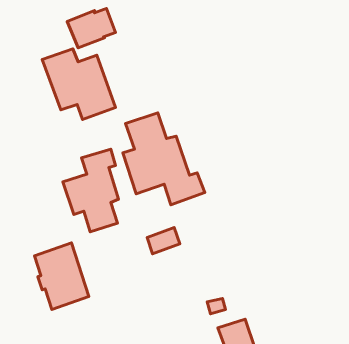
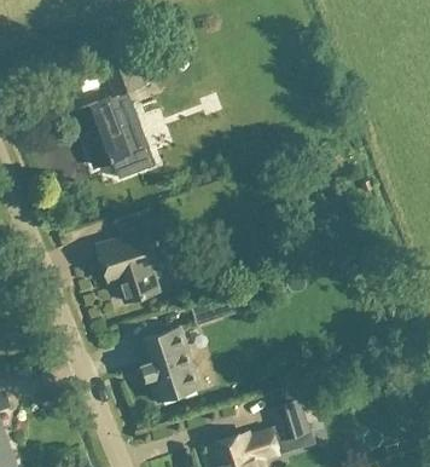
building: [123,113,205,205] -> none
building: [34,243,89,309] -> [140,327,201,400]

